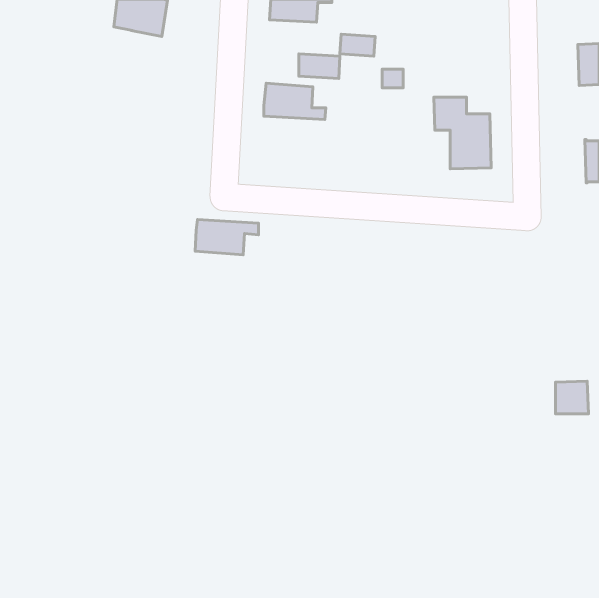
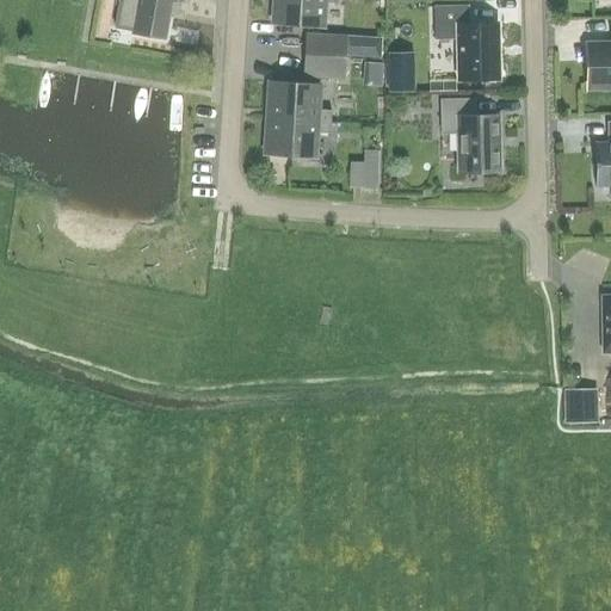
building: none -> [434,5,499,80]
building: none -> [304,32,347,57]
building: none -> [350,149,379,187]
building: [195,220,258,255] -> [266,118,331,154]

